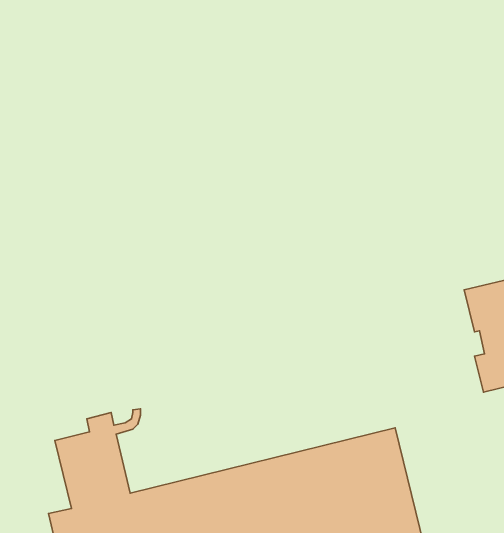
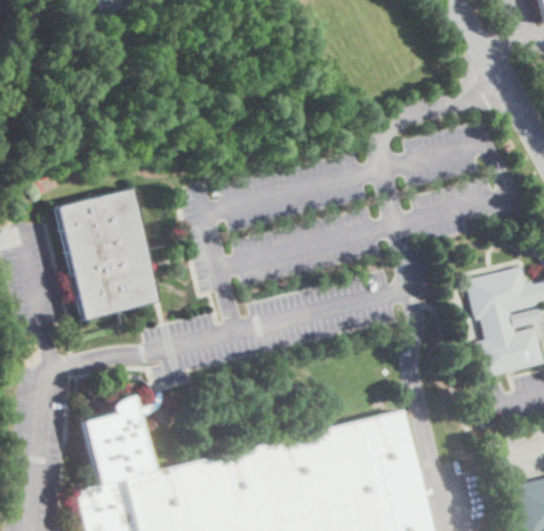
building: none -> [55,188,160,320]

